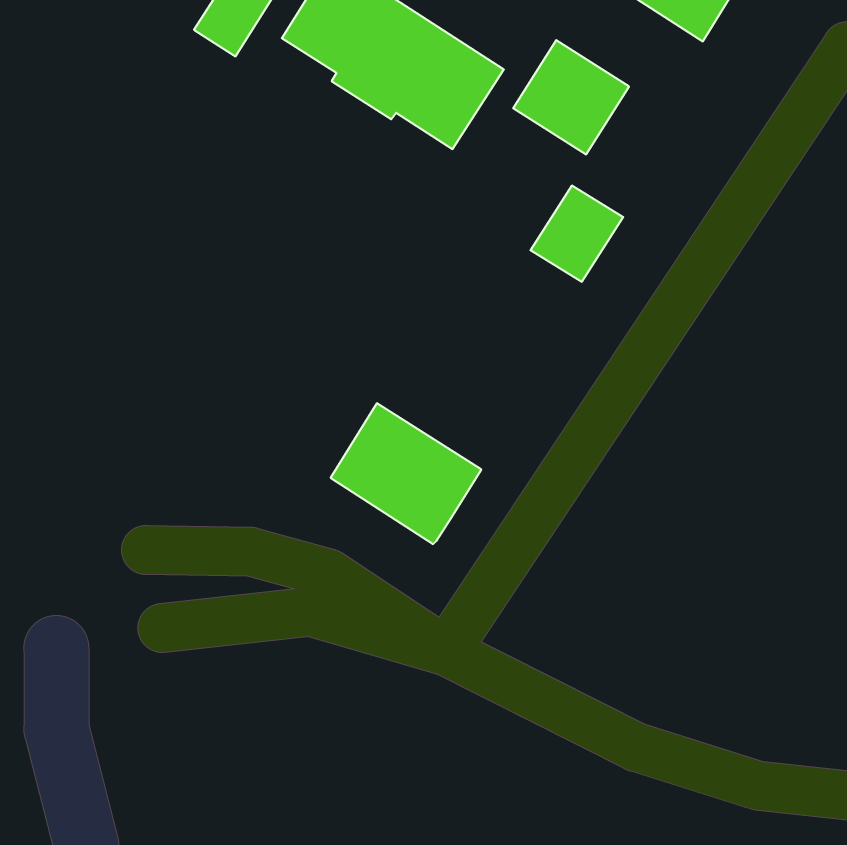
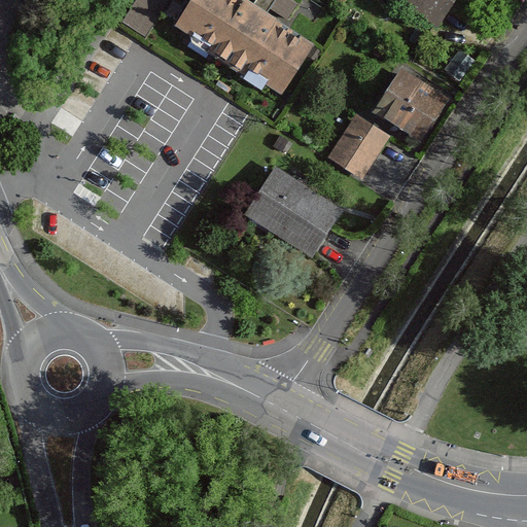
building: [513,40,629,154] -> [375,68,447,139]
building: [331,403,481,544] -> [247,167,341,254]

